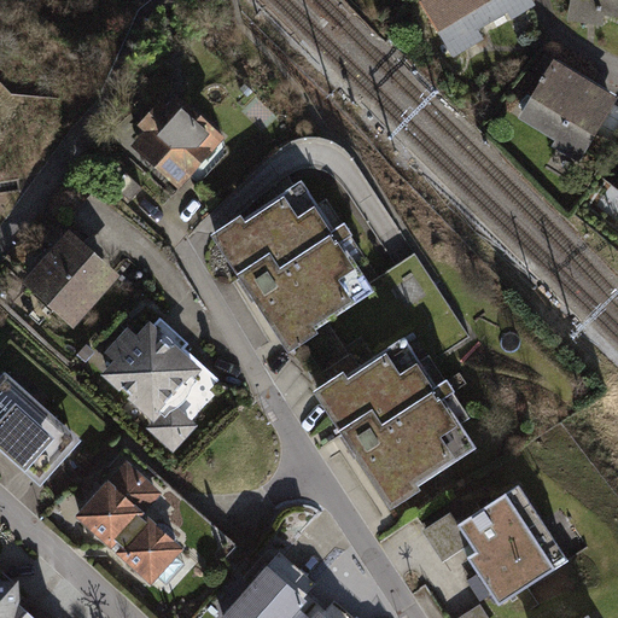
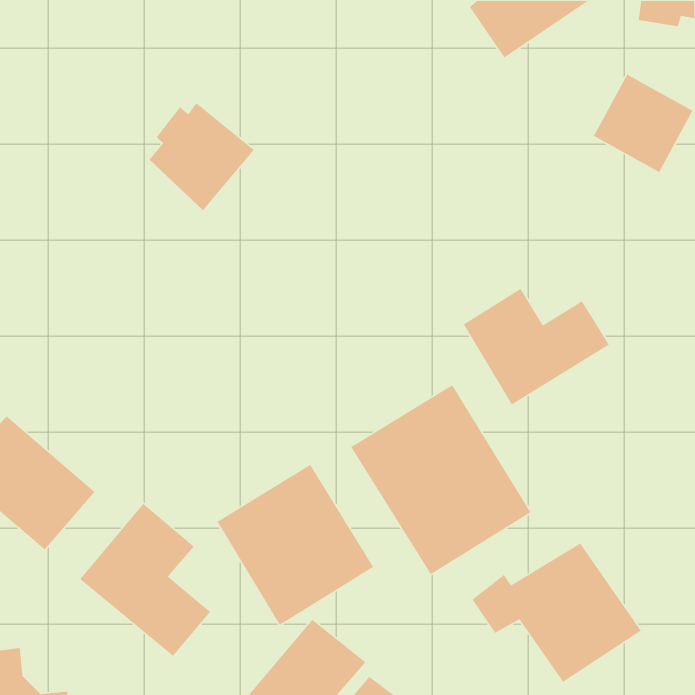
building: [212,177,369,346] -> none
building: [21,227,119,327] -> none
building: none -> [463,288,610,405]
building: [99,317,208,454] -> none
building: none -> [216,464,374,626]

